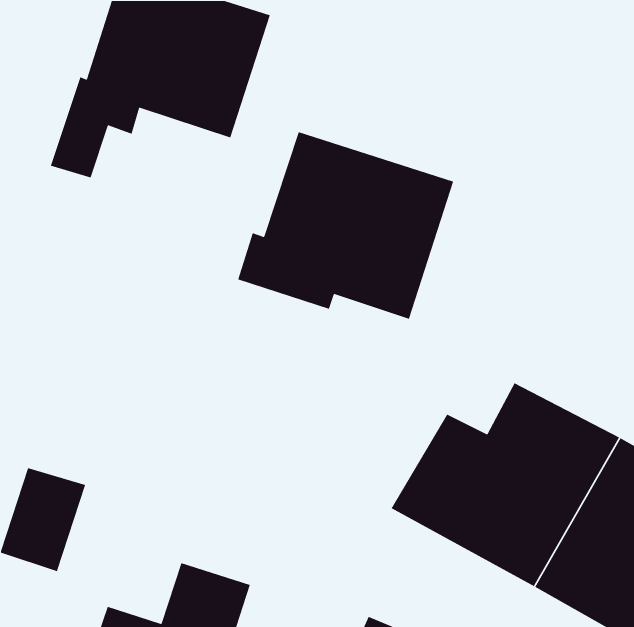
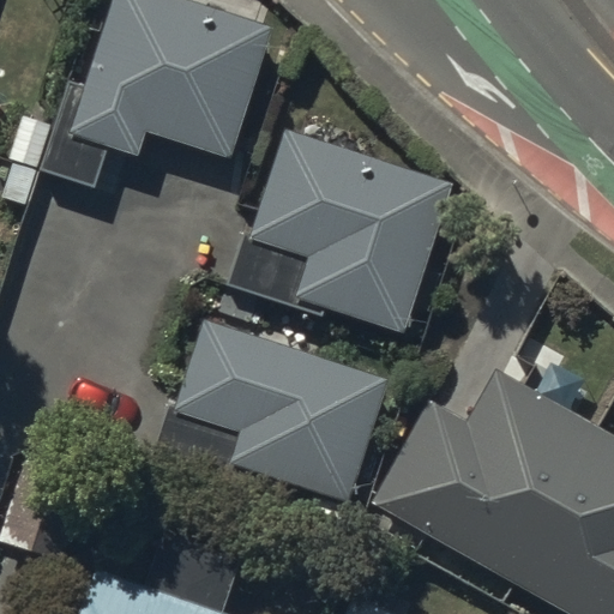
building: none -> [159,319,379,490]

